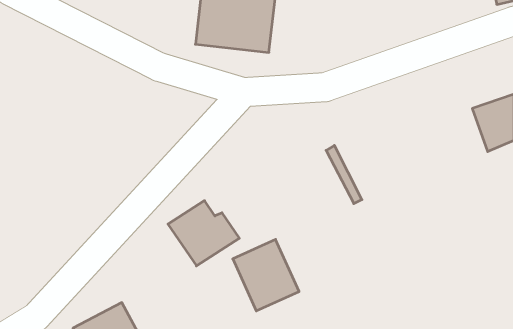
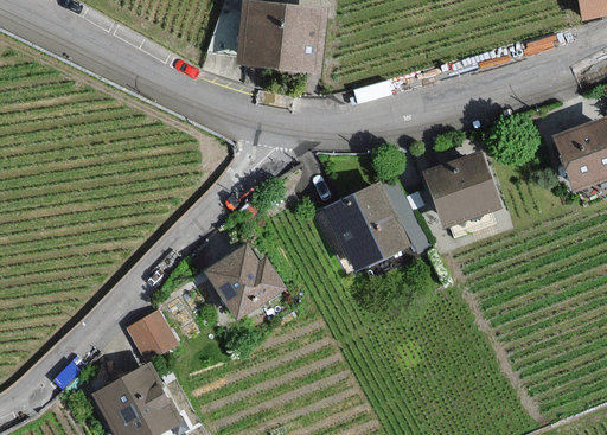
building: none -> [426,155,497,224]
building: [233,239,299,311] -> [328,185,405,268]
building: none -> [126,309,178,363]

